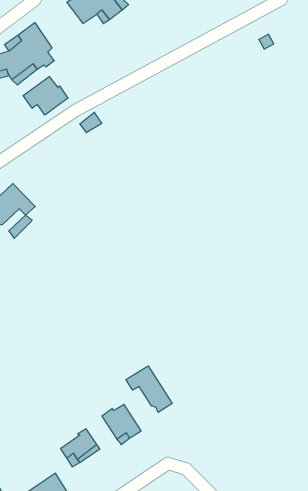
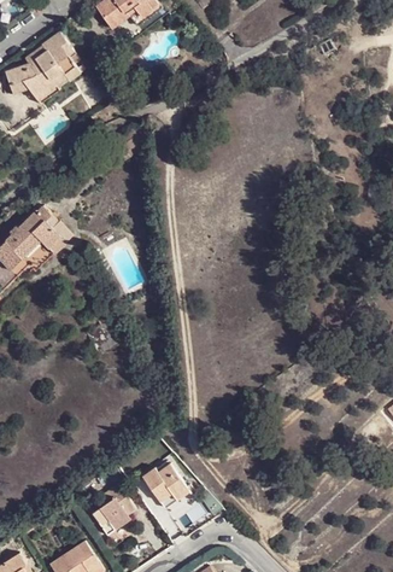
building: [23,76,68,115] -> none
building: [126,366,172,412] -> none

